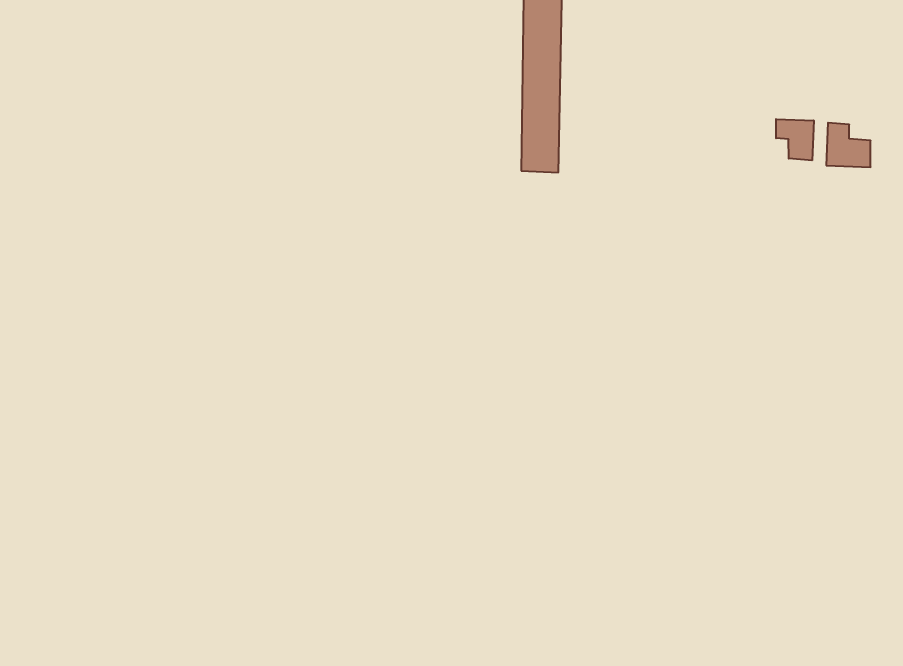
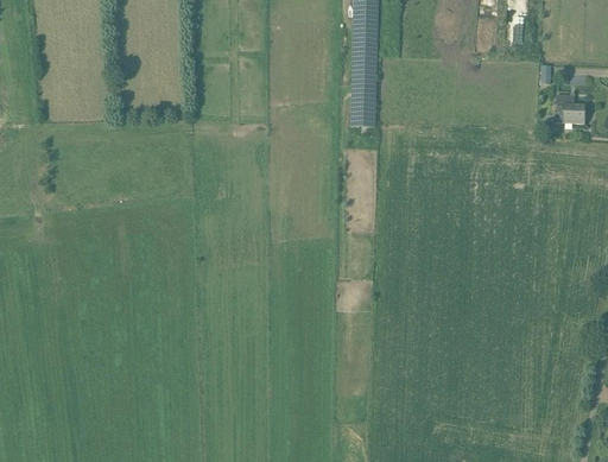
building: [776,119,814,160] -> none

